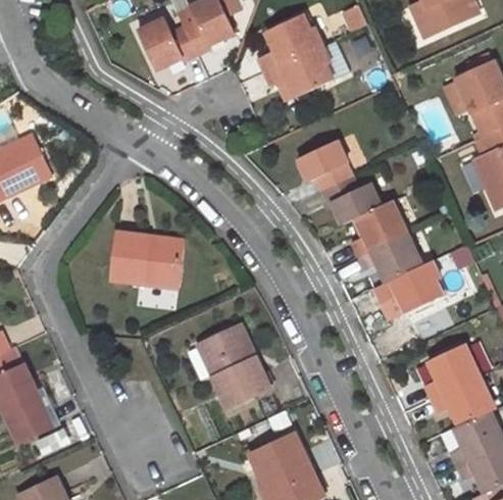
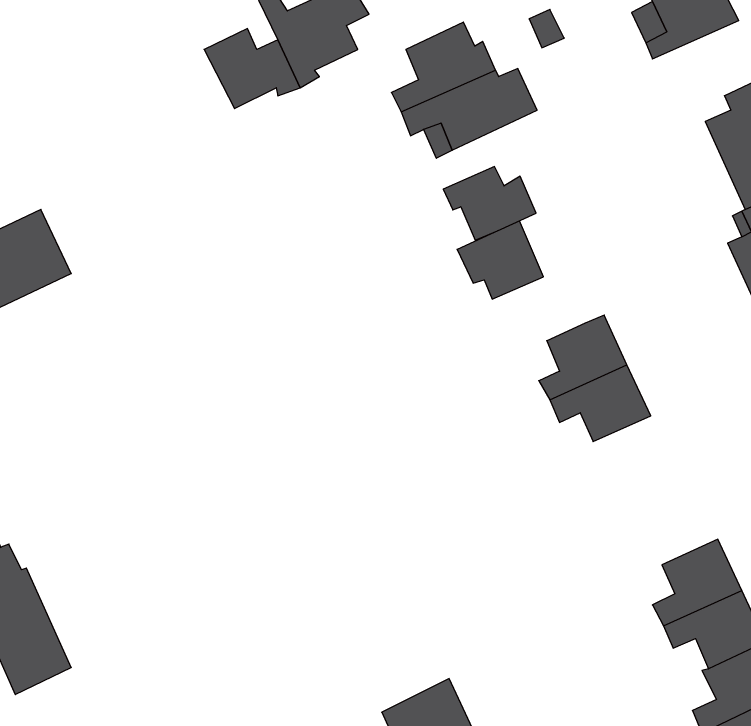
building: [321,177,381,223] -> [443,167,536,240]
building: [111,233,183,286] -> none
building: [373,261,443,311] -> none
building: [199,329,269,407] -> none

